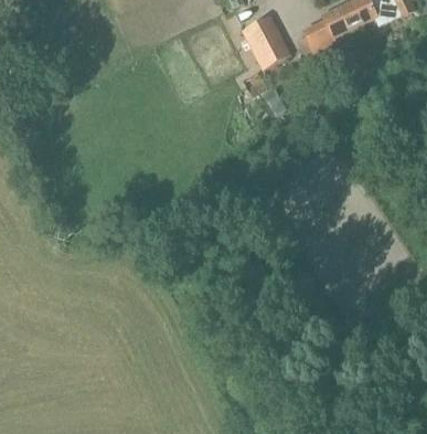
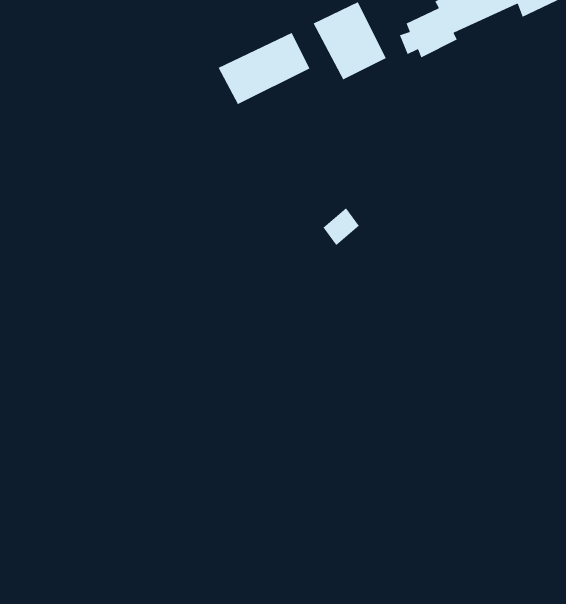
building: none -> [218,32,311,105]

